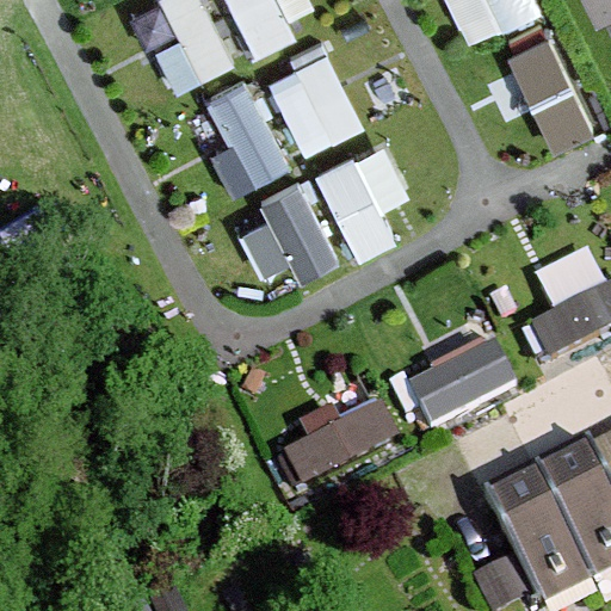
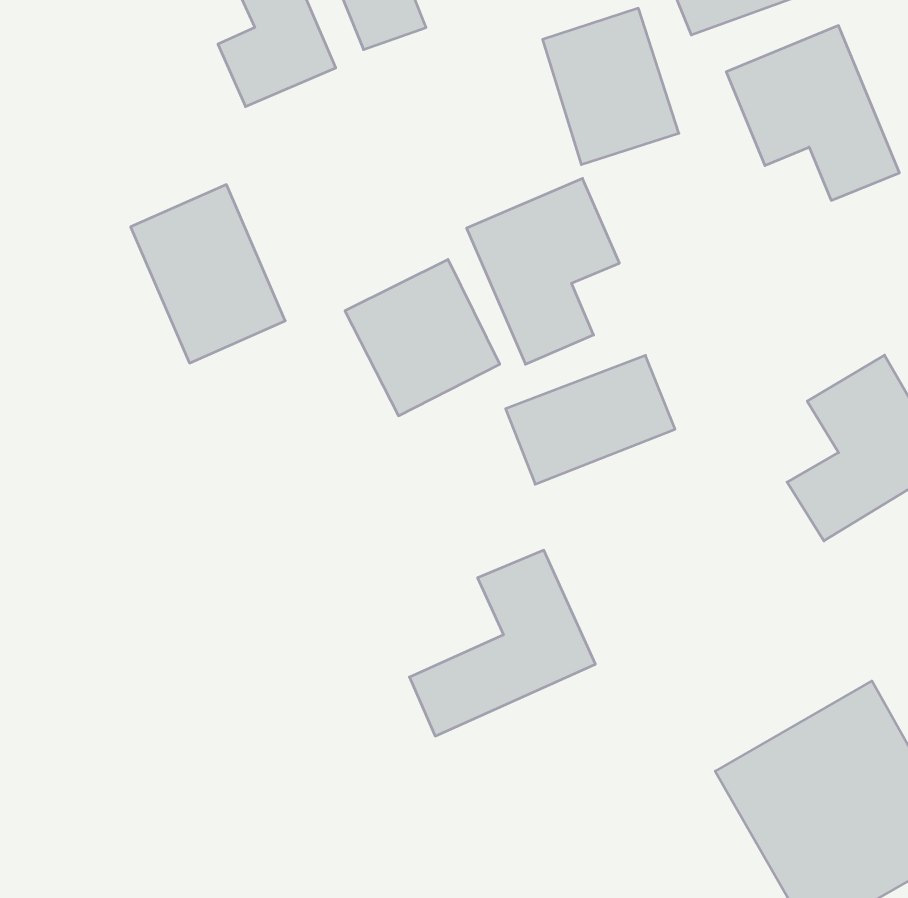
building: [271,47,359,148] -> [543,8,679,165]
building: [189,75,289,191] -> [131,185,285,363]
building: [406,342,516,426] -> [506,355,675,484]

